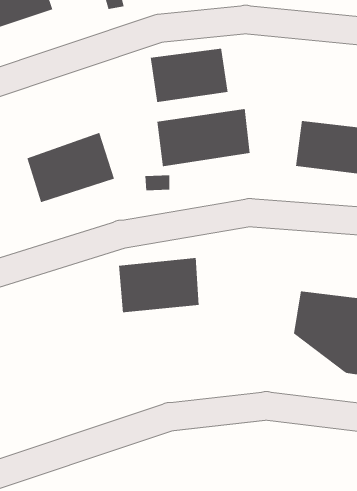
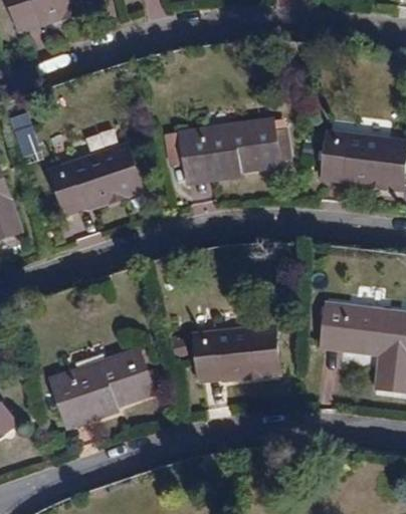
building: [150,48,228,103] -> none
building: [118,257,199,313] -> [197,324,279,380]
building: none -> [50,348,155,423]

